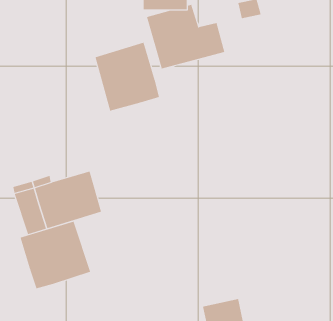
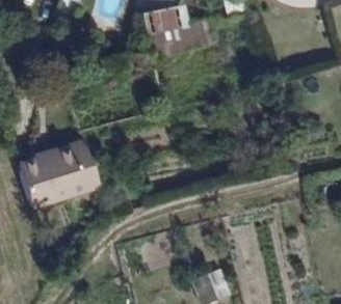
building: [95,42,160,111] -> none
building: [20,221,91,289] -> none

